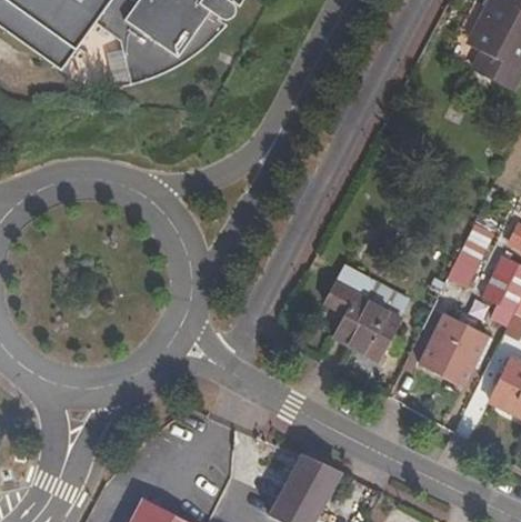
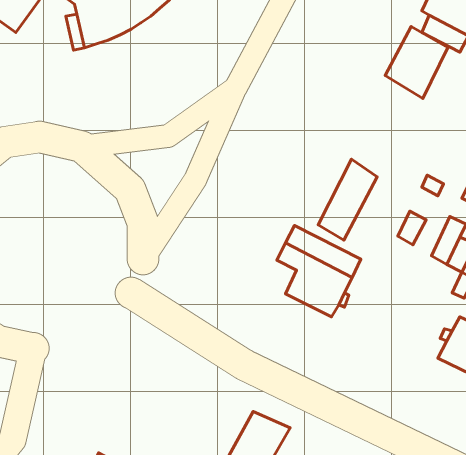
building: none -> [385,27,448,98]
building: none -> [318,159,377,240]
building: [421,315,487,385] -> none

